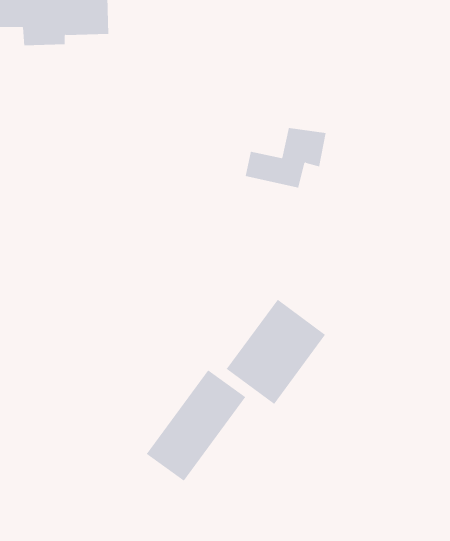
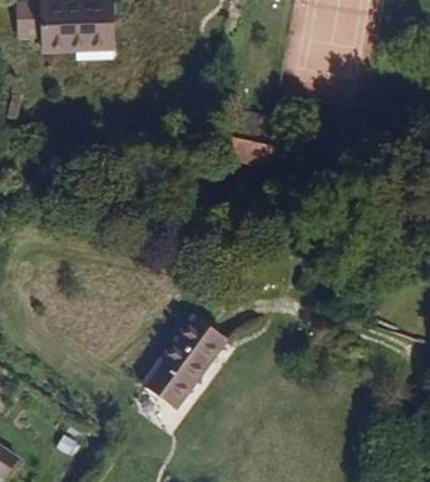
building: [226,299,326,405] -> none

